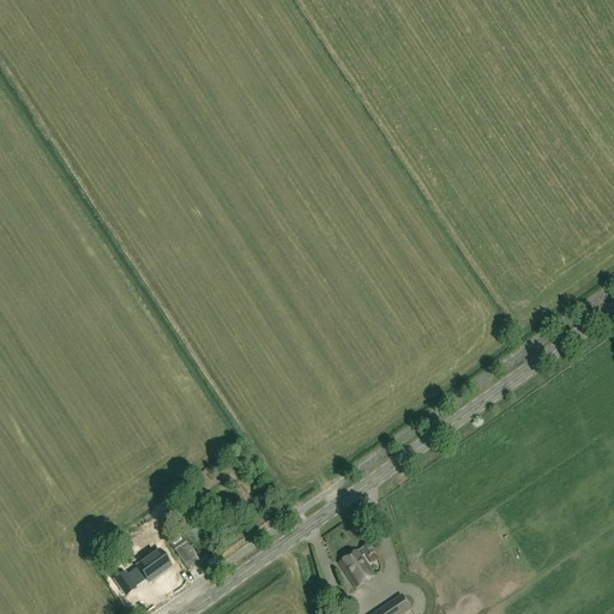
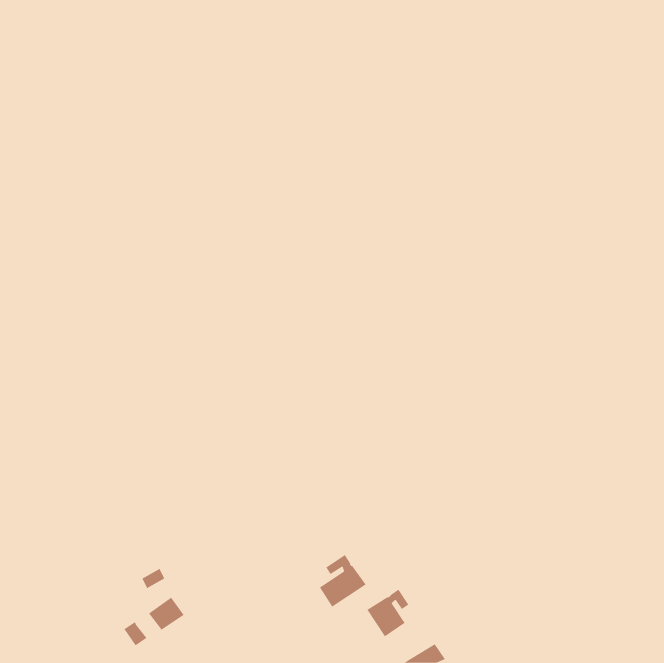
building: none -> [319,554,366,608]

